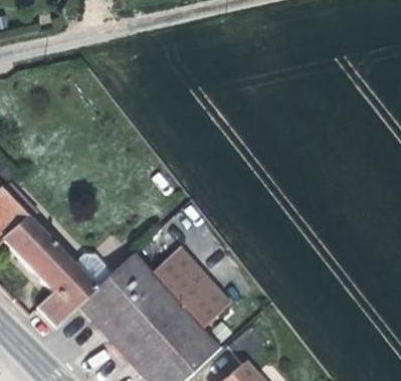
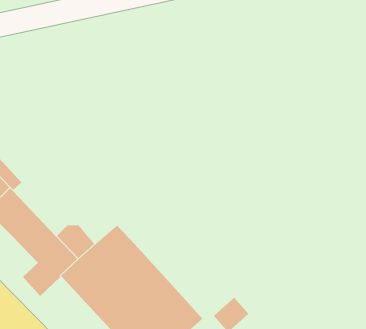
building: [152,245,232,329] -> none

